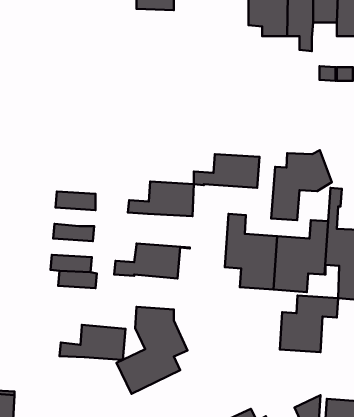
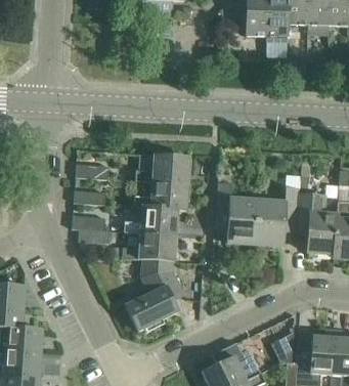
building: [271,150,332,220] -> none
building: [194,154,260,188] -> [134,181,188,209]
building: [280,295,338,352] -> none
building: [60,325,125,360] -> [122,231,176,260]

